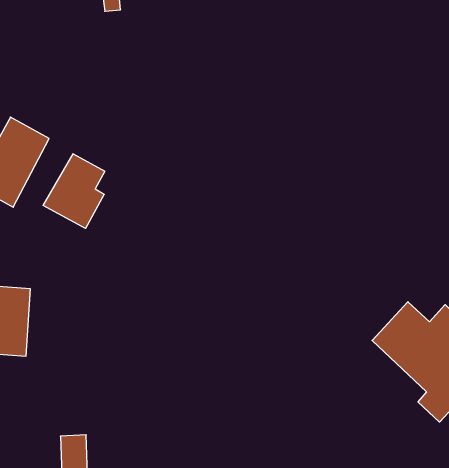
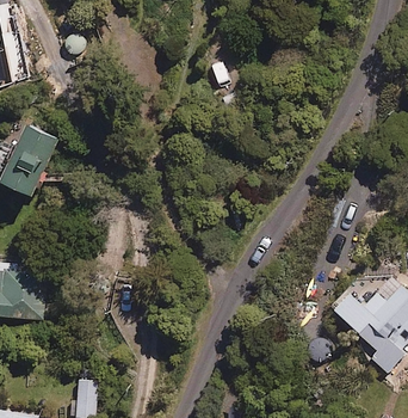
building: [43,154,105,228] -> none

